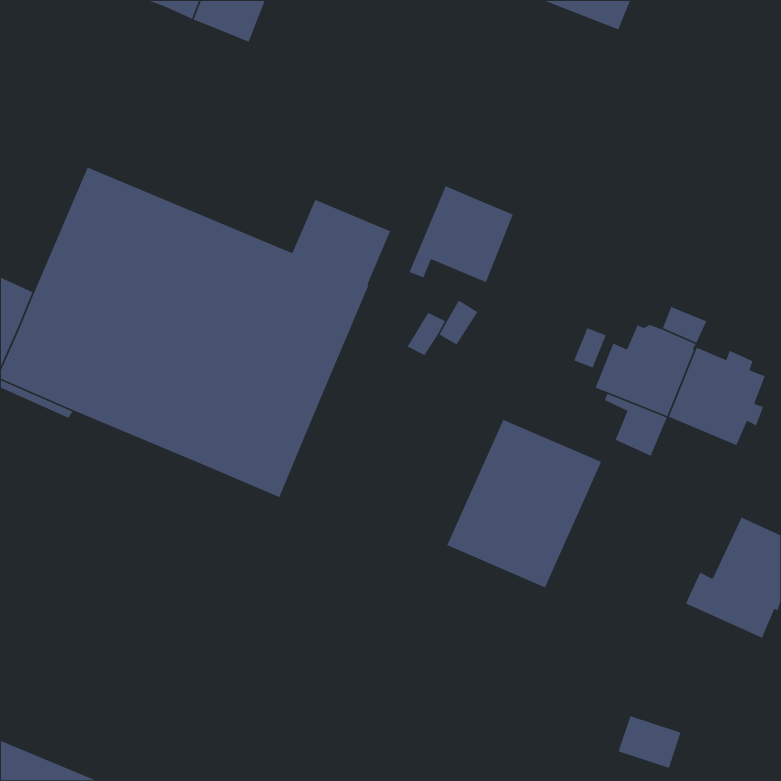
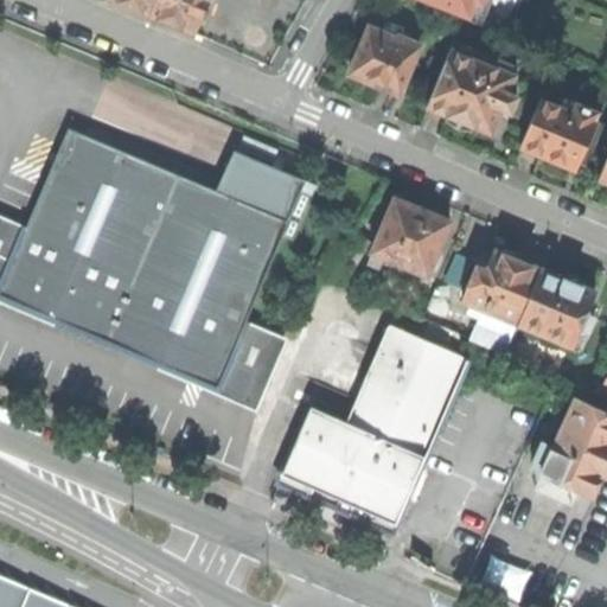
building: none -> [350,27,418,94]
building: none -> [426,49,516,133]
building: none -> [520,97,601,168]
building: [408,185,514,283] -> [368,198,449,274]
building: none -> [155,321,287,411]
building: none -> [282,408,423,523]

